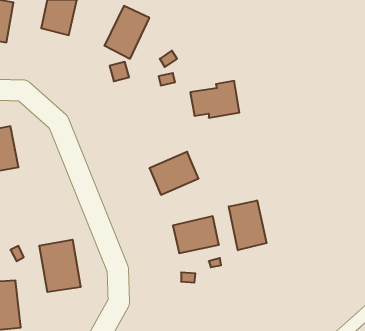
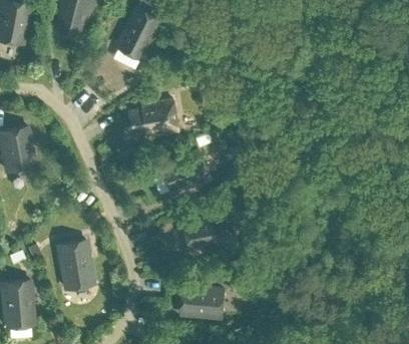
building: [190,81,239,118] -> [130,101,178,137]
building: [229,200,267,250] -> none
building: none -> [181,288,224,319]

